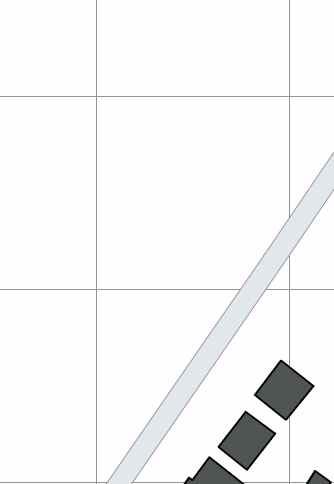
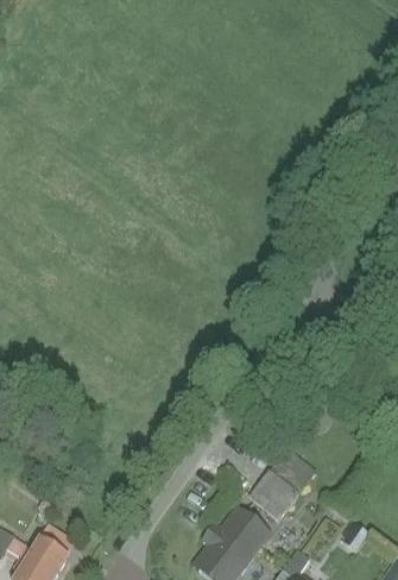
building: [255,361,314,420] -> none

